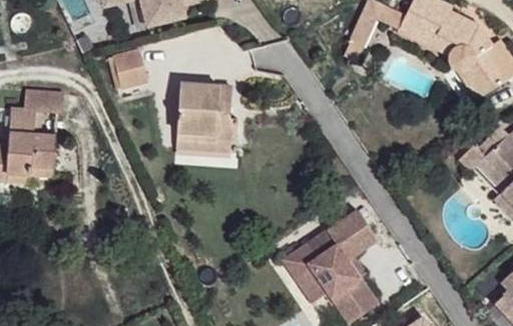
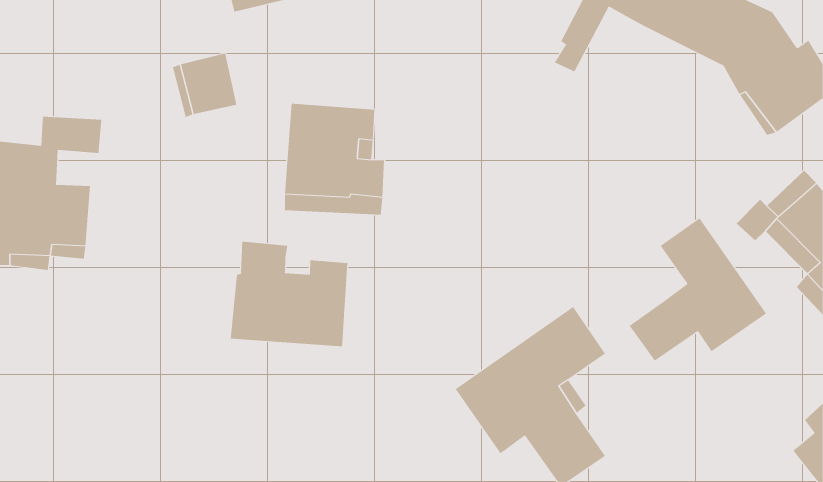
building: none -> [629,217,767,362]
building: none -> [230,241,348,347]

